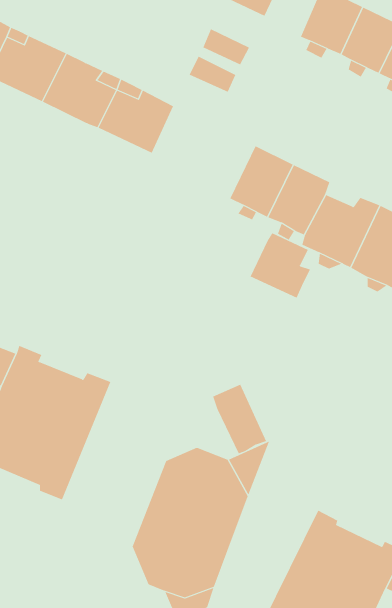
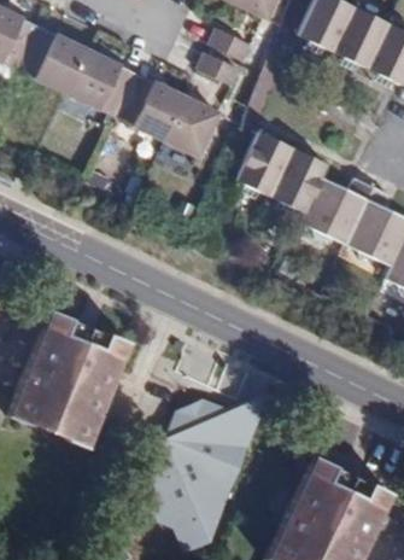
building: none -> [166,97,221,154]
building: [250,233,311,299] -> none
building: [212,384,267,454] -> none

